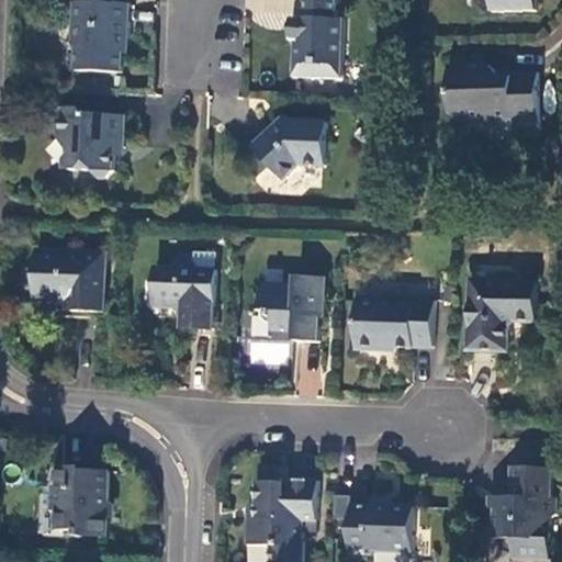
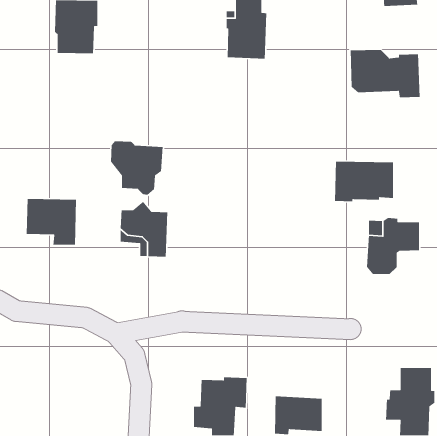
building: [52,105,120,176] -> [110,140,163,196]
building: [251,119,324,176] -> none
building: [260,278,322,341] -> none
building: [355,297,430,350] -> [334,161,394,202]
building: [48,468,106,538] -> none

